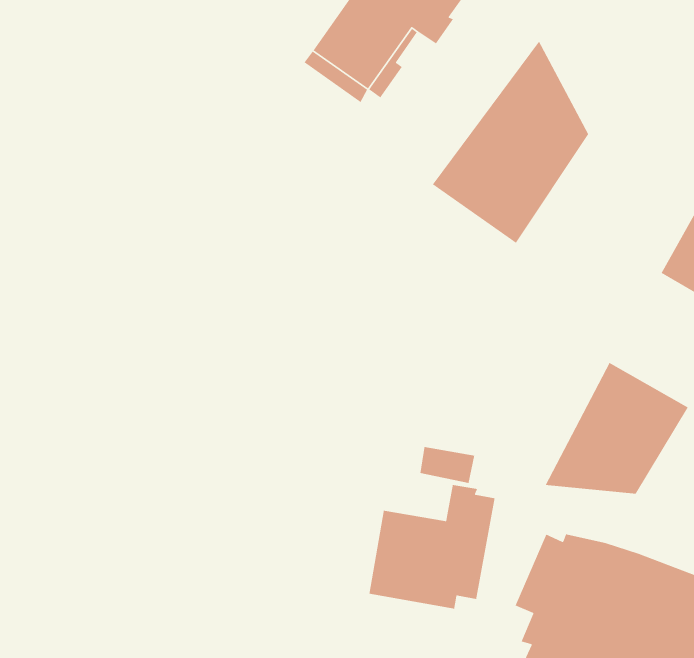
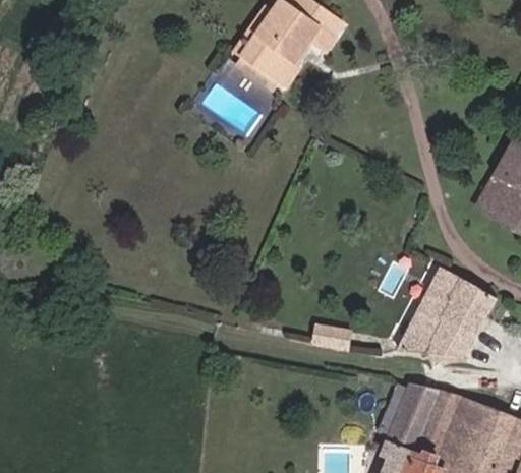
building: [432,40,589,244] -> none
building: [368,484,495,610] -> none

